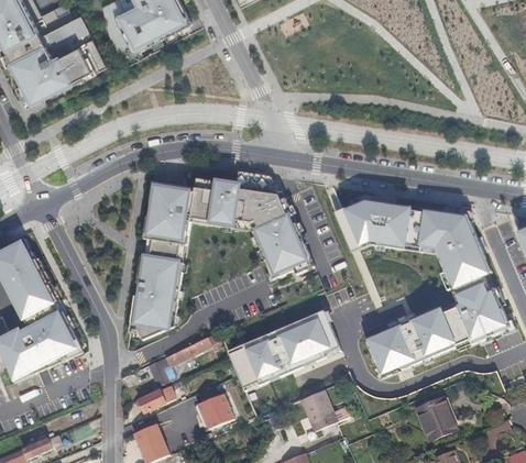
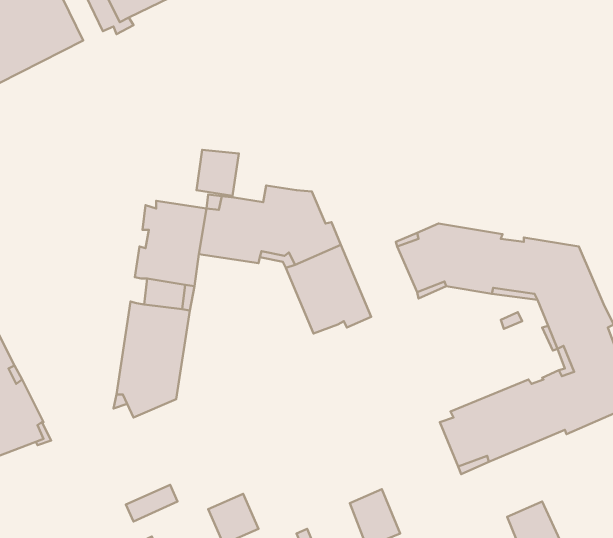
building: none -> [197,150,239,196]
building: [228,309,339,387] -> none
building: [147,335,212,387] -> none

